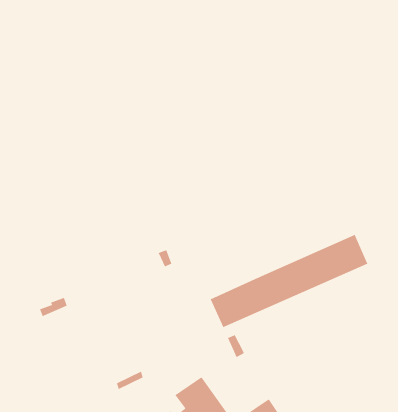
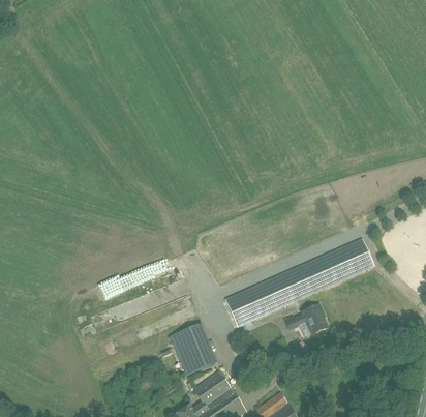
building: none -> [283,303,326,332]
building: none -> [170,324,216,375]

